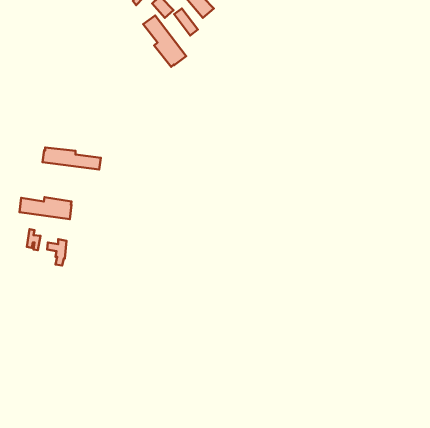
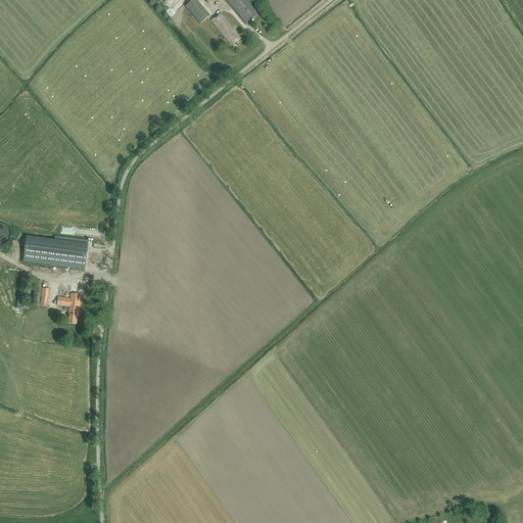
building: [143,15,186,67] -> none
building: [42,147,101,170] -> none

